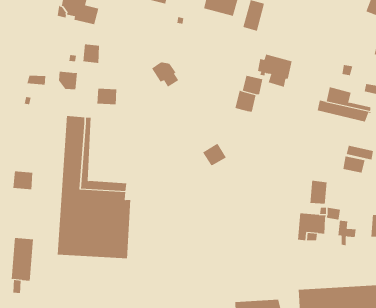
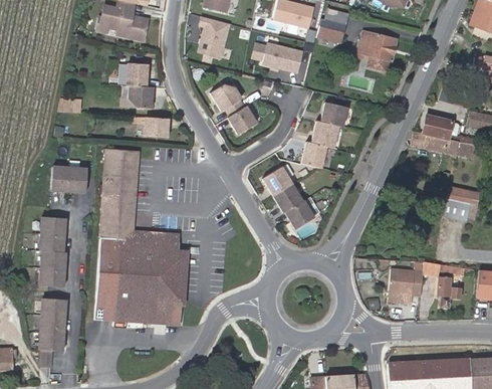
building: none -> [199,17,231,58]
building: none -> [262,41,306,74]
building: [257,54,293,88] -> [354,30,398,71]
building: [58,71,78,90] -> [129,84,153,108]
building: none -> [227,106,255,134]
building: none -> [301,140,326,166]
building: none -> [262,166,291,195]
building: none -> [51,167,87,194]
building: none -> [284,200,313,228]
building: [310,180,327,204] -> none
building: none -> [40,238,66,287]

